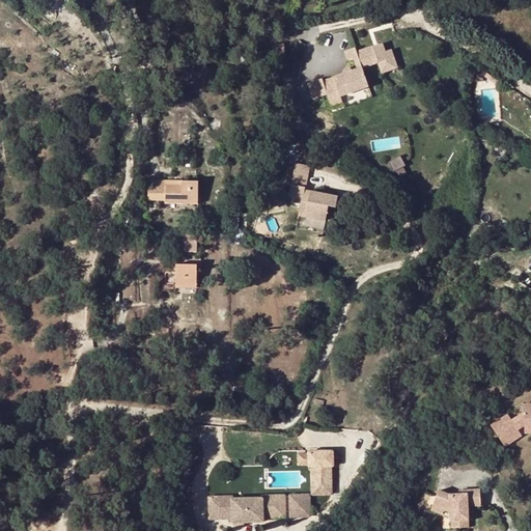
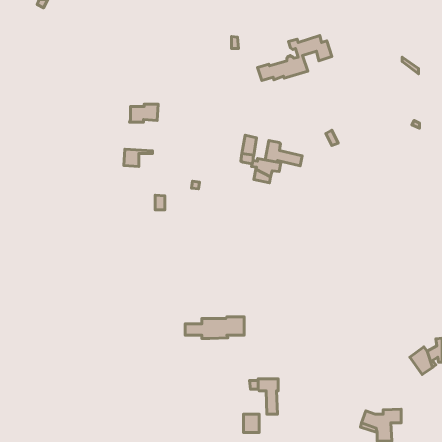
building: none -> [265,141,302,166]
building: [165,180,199,202] -> [129,104,158,122]
building: [175,263,197,285] -> none
building: [215,497,285,523] -> [185,317,244,339]

